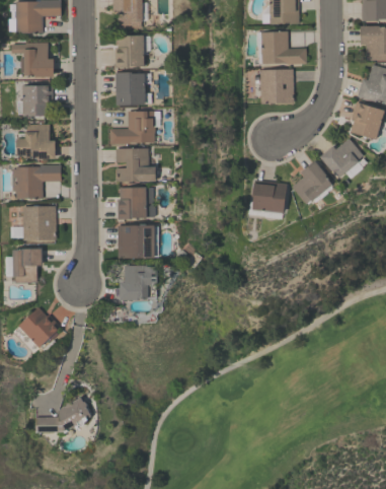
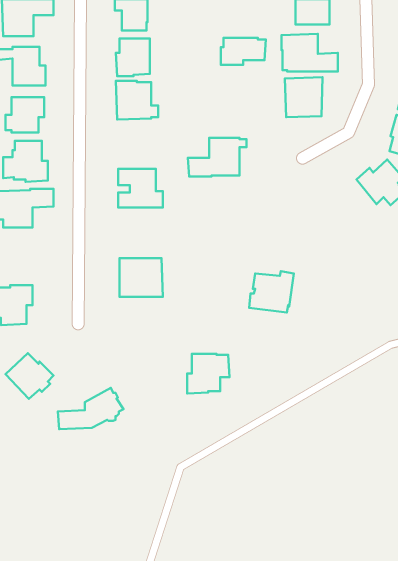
building: none -> [221,38,266,65]
building: [108,111,159,144] -> [188,138,247,177]
building: [291,160,340,208] -> none
building: [248,183,287,218] -> [249,271,294,312]
building: [115,187,154,220] -> none
building: [22,205,56,240] -> none
building: [120,266,156,300] -> [187,354,229,394]
building: [34,398,91,433] -> [58,388,124,429]

